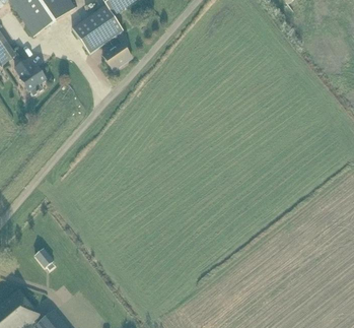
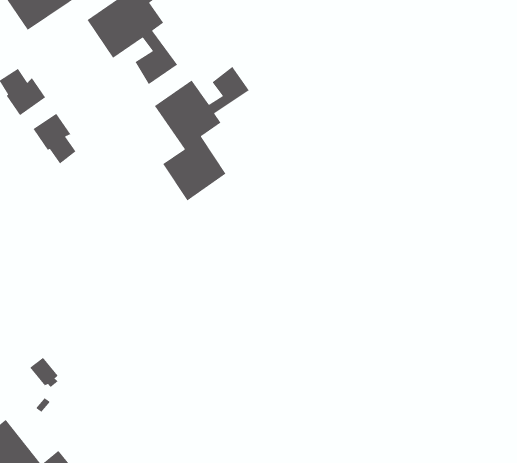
building: none -> [154,66,250,201]
building: none -> [33,113,77,165]

